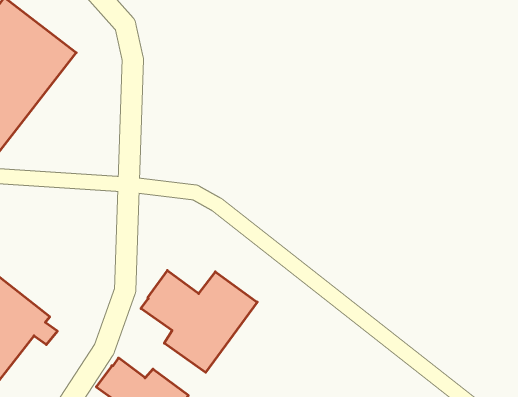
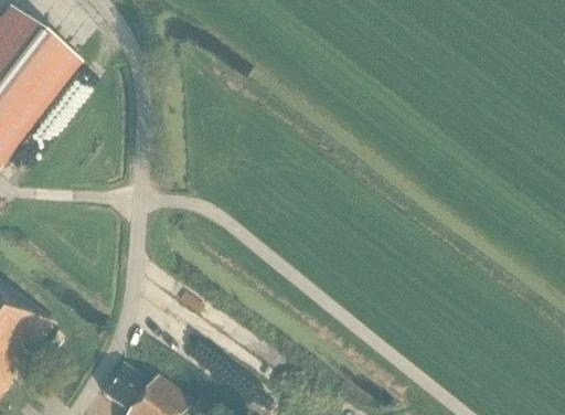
building: [141,270,257,372] -> none

